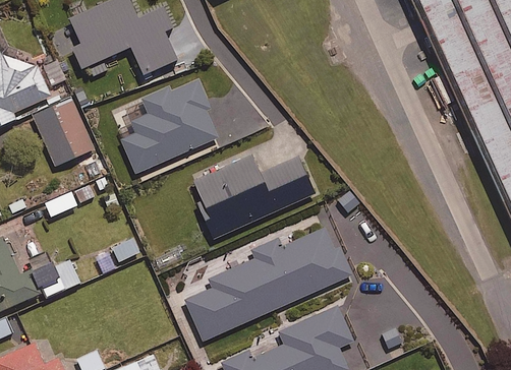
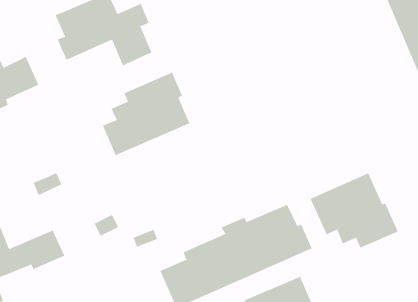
building: [32,99,93,167] -> none
building: [191,156,313,239] -> none
building: none -> [310,172,399,249]

